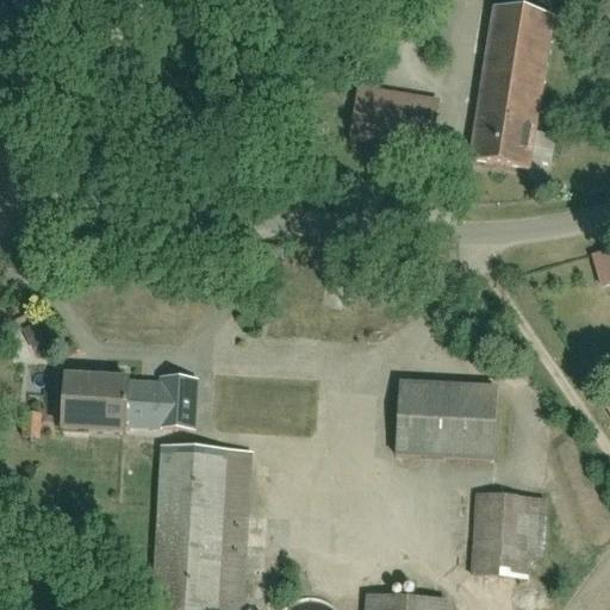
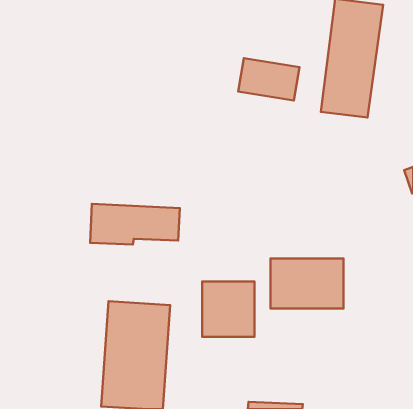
building: [62,373,194,432] -> [90,204,180,244]
building: none -> [202,282,255,337]
building: [469,493,540,574] -> none

